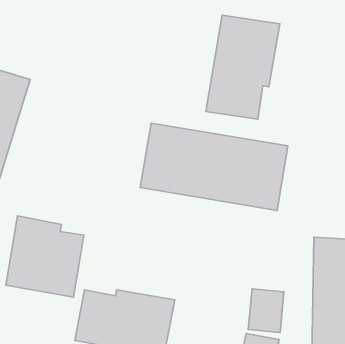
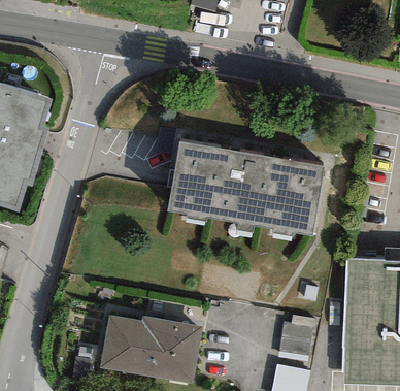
building: [206,15,280,119] -> none
building: [6,216,84,297] -> none

